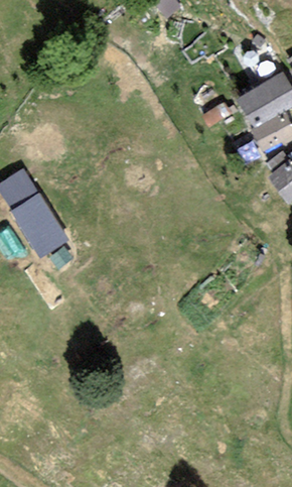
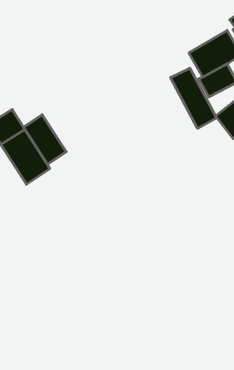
building: none -> [171,68,216,128]
building: none -> [23,115,66,164]

